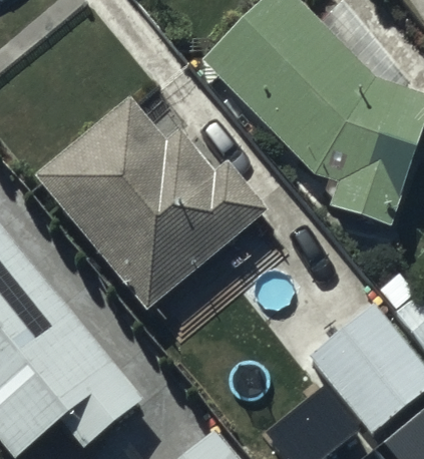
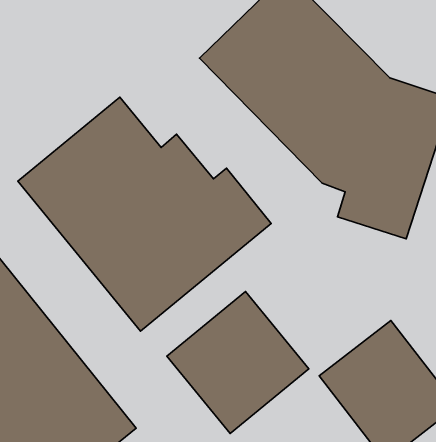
building: none -> [167,292,309,433]

